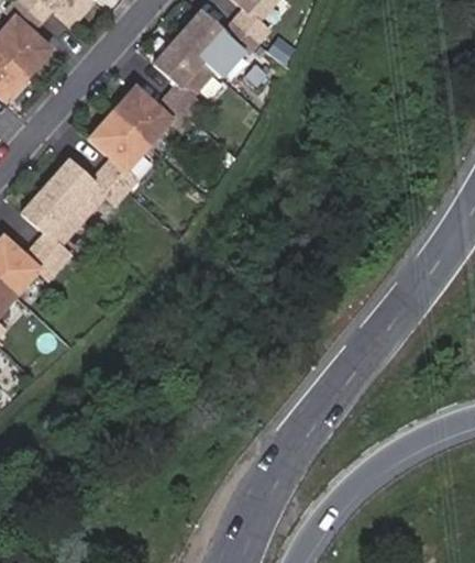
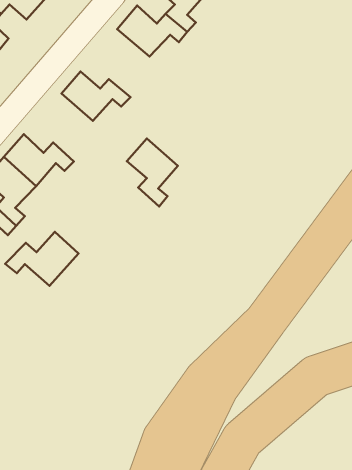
building: [154,37,214,117] -> none
building: [89,112,148,191] -> [127,138,178,206]
building: none -> [5,232,79,286]

